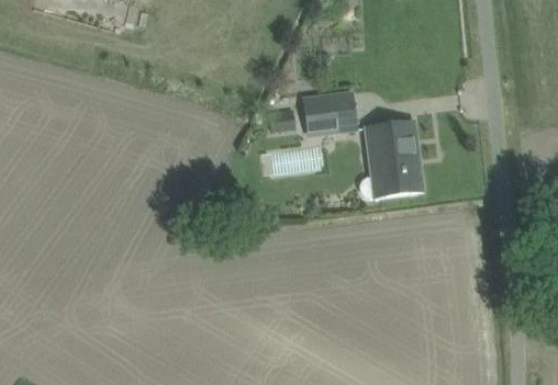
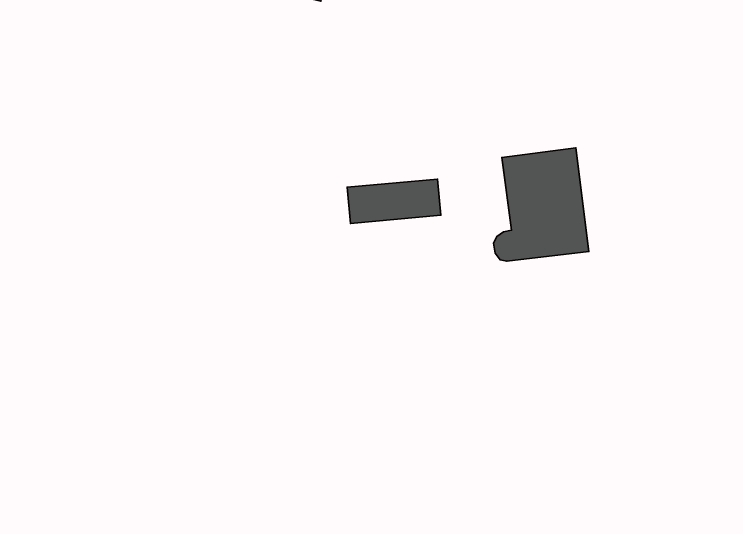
building: [303,91,357,134] -> none

